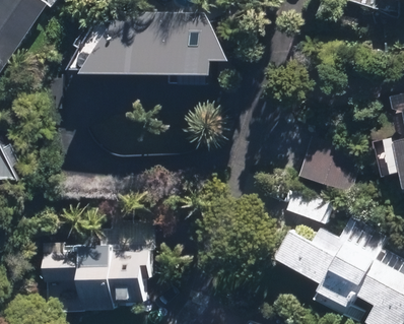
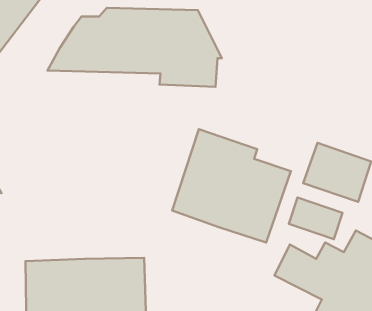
building: none -> [172,129,291,242]

